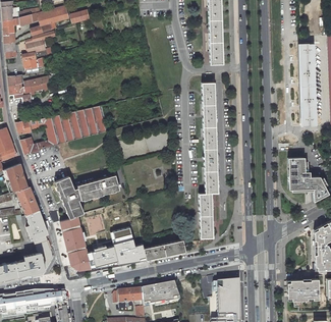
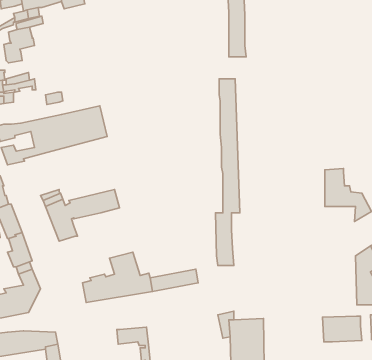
building: [299,44,316,125] -> none
building: [59,215,91,270] -> none
building: [141,282,179,306] -> none

